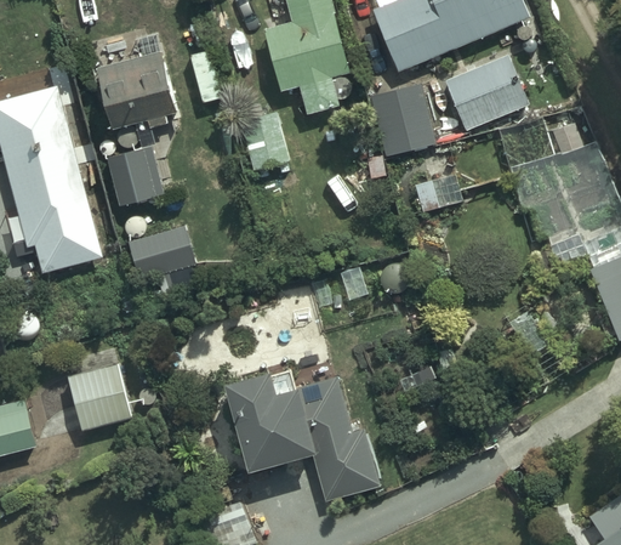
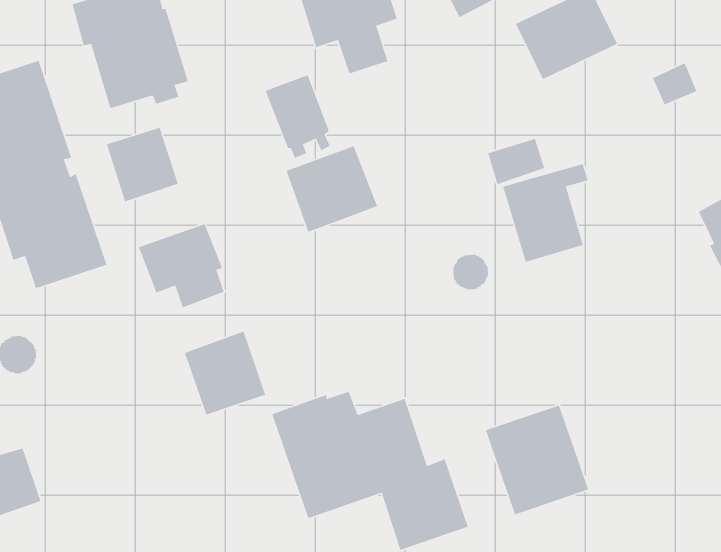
building: [370,79,440,157] -> [502,163,589,263]
building: none -> [286,145,378,233]
building: [67,364,131,431] -> [184,331,266,415]
building: none -> [485,404,589,515]

